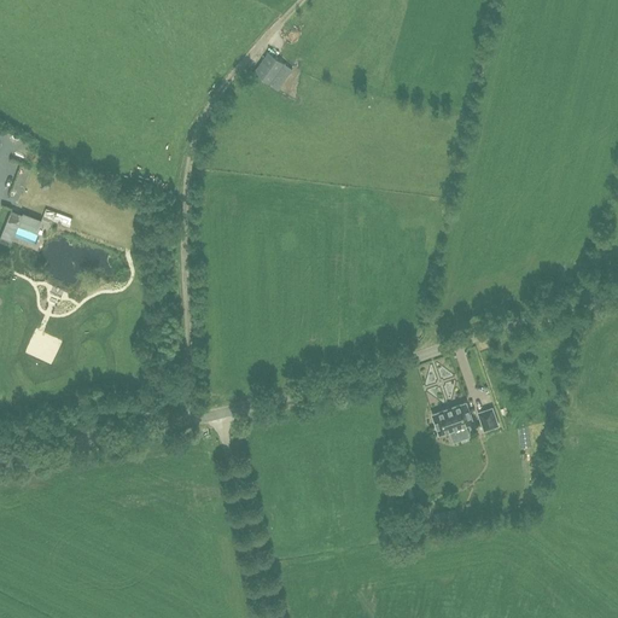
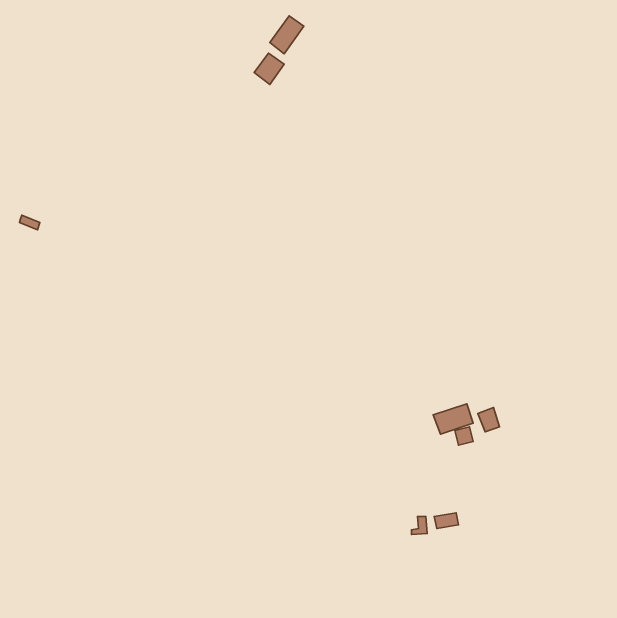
building: none -> [270,16,304,54]

